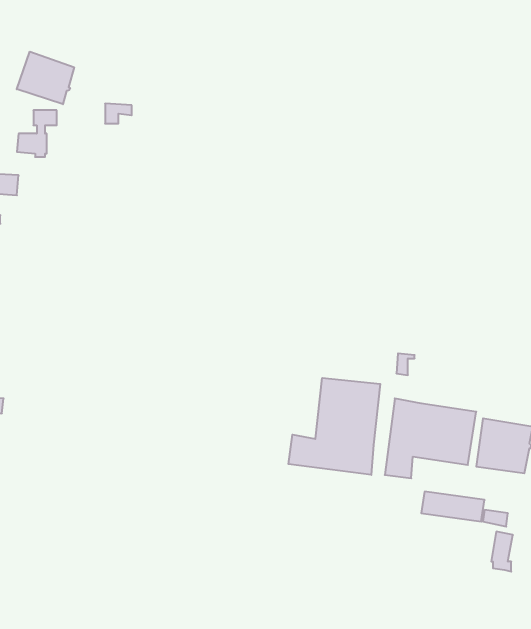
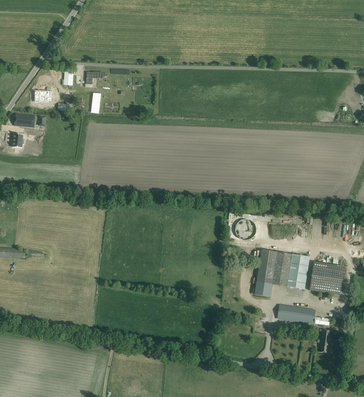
building: [17,52,74,104] -> none
building: [288,378,380,475] -> none

